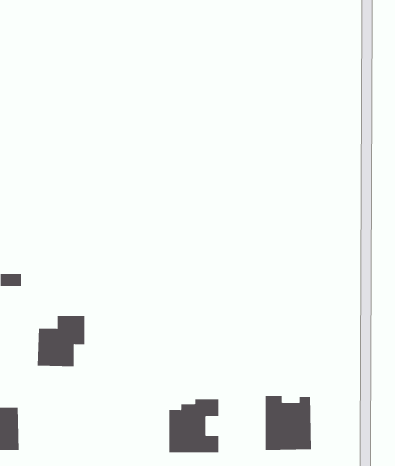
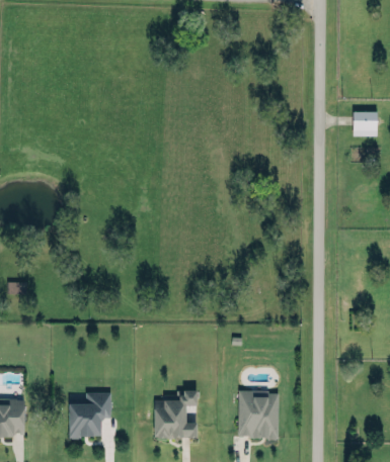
building: [37,315,85,367] -> [69,393,110,438]

